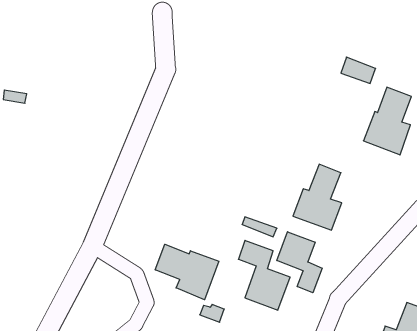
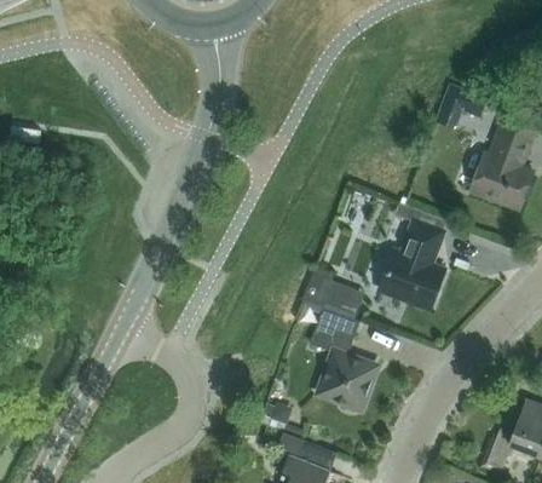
building: [277,232,322,293] -> none
building: [155,244,219,300] -> none

